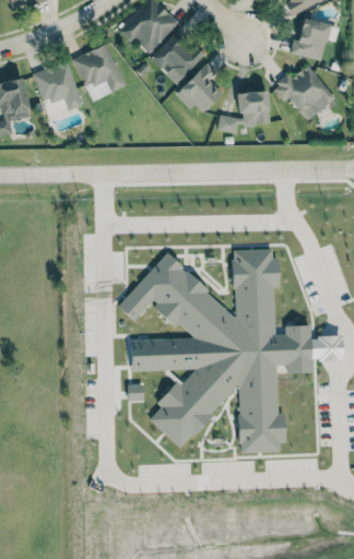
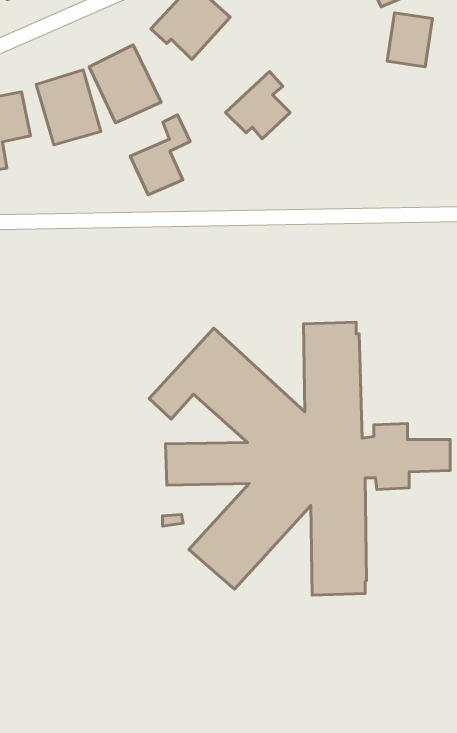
building: [151,32,205,84] -> none
building: [273,64,335,120] -> none
building: [219,91,270,132] -> none
building: none -> [130,115,190,195]

